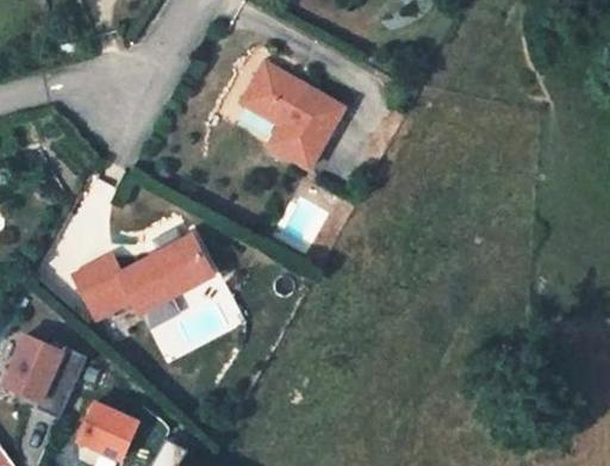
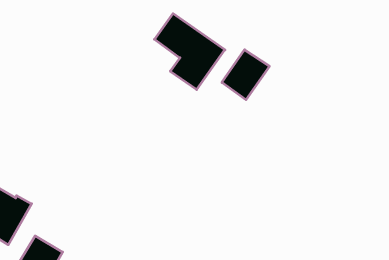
building: none -> [222,50,269,100]
building: [71,236,210,319] -> none

